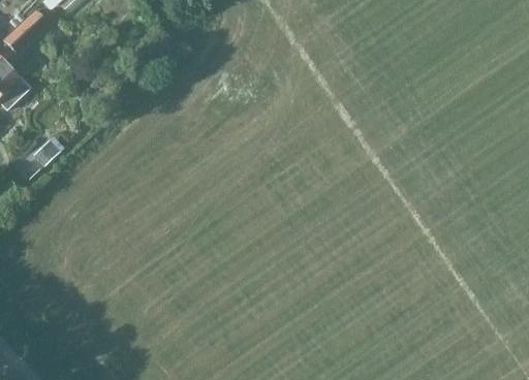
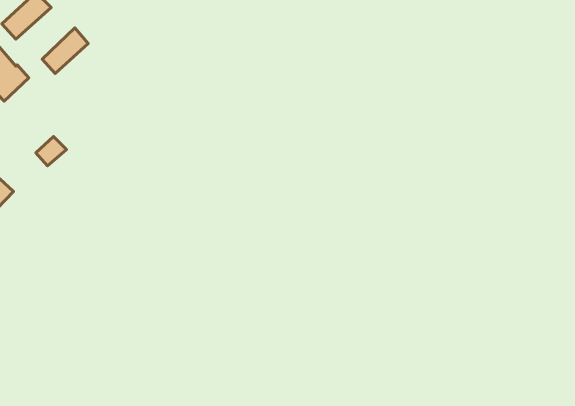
building: none -> [42,28,88,73]

